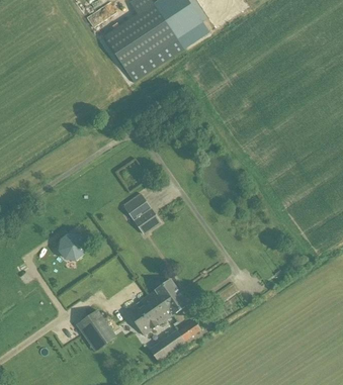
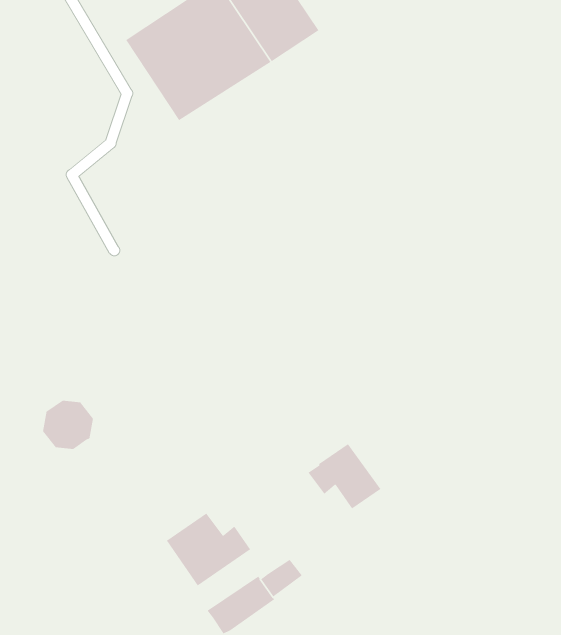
building: [124,192,161,231] -> none
building: [148,278,188,314] -> [307,443,381,510]
building: [76,309,110,345] -> none

